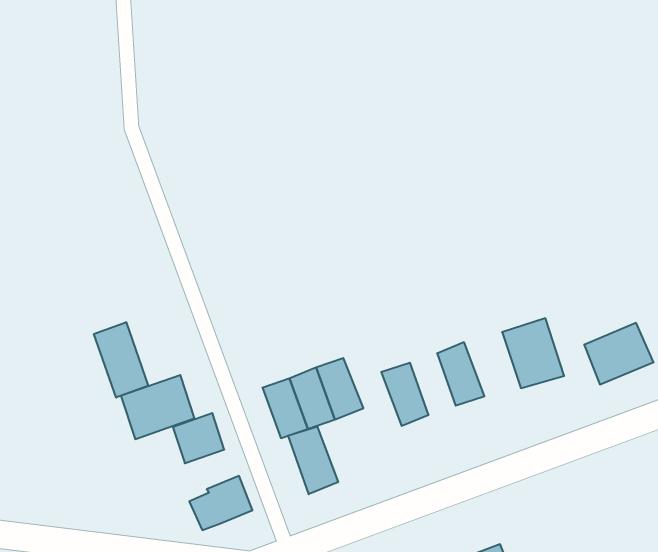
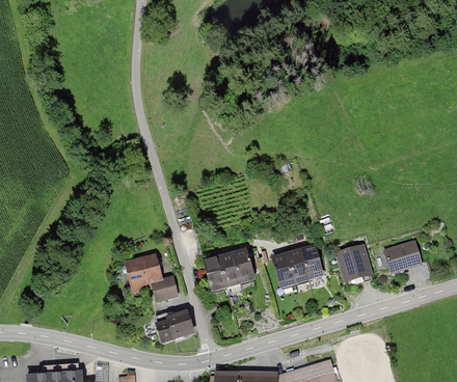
building: [94,322,148,398] -> none
building: none -> [286,249,310,283]
building: [288,426,338,494] -> none

